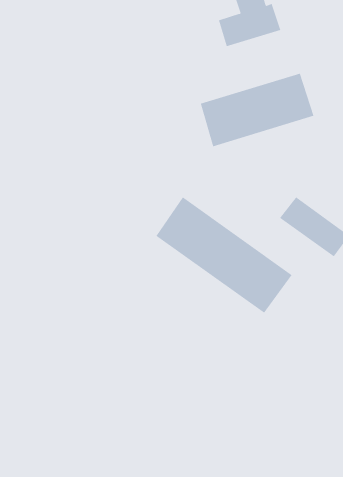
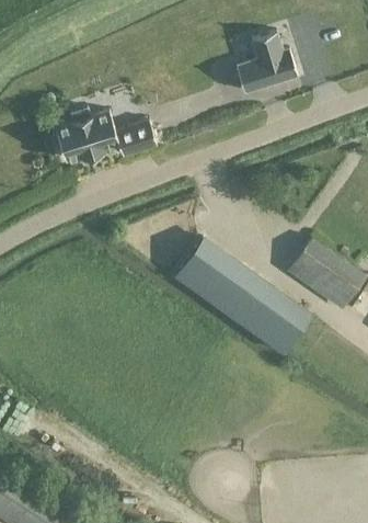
building: none -> [56,110,158,162]
building: [200,73,314,147] -> none

